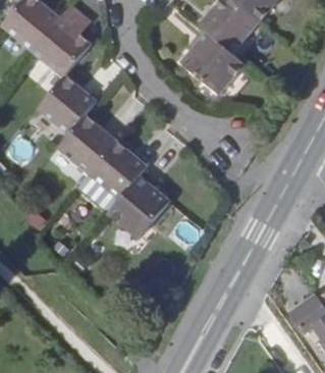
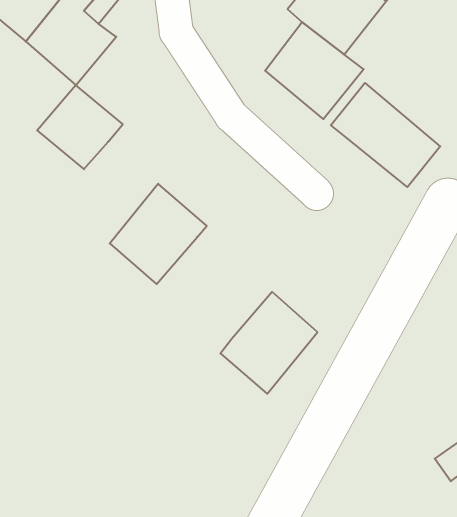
building: none -> [331,83,440,187]
building: [54,113,116,177] -> none
building: [108,173,169,237] -> [220,292,317,394]

